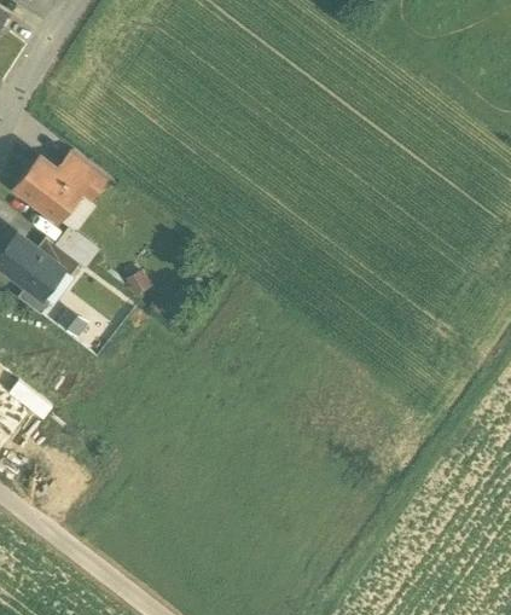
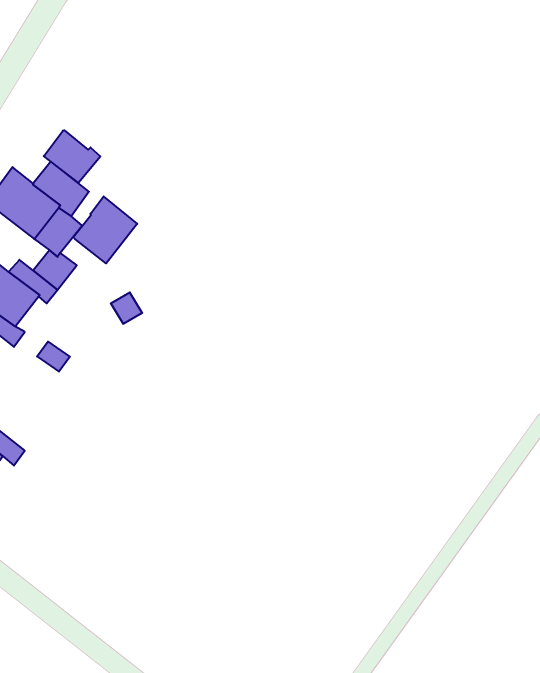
building: none -> [44,130,100,183]
building: none -> [73,196,137,263]

